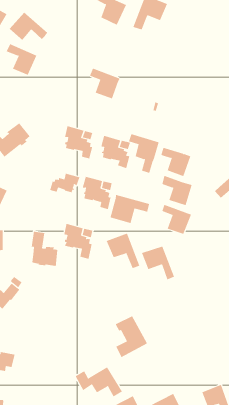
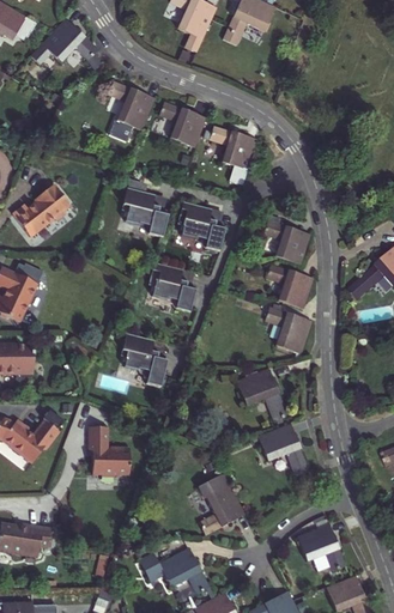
building: [6,43,37,75] -> [108,80,154,128]
building: [128,133,160,173] -> [210,126,256,186]
building: [49,173,80,193] -> none
building: [110,194,150,224] -> none
building: [31,231,58,267] -> [90,427,131,480]
building: [106,233,140,269] -> [257,421,309,475]
building: none -> [299,523,346,571]

